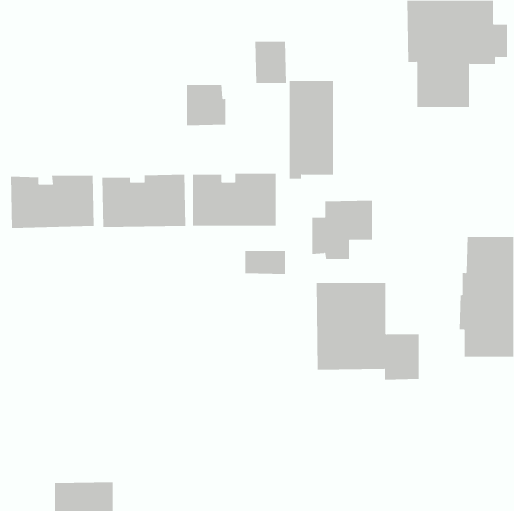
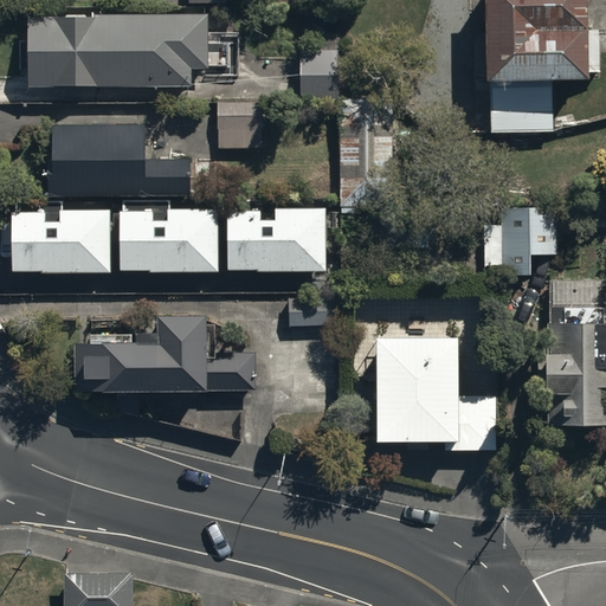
building: none -> [28,15,207,89]
building: none -> [47,124,217,199]
building: [312,200,373,259] -> [483,205,555,275]
building: none -> [76,314,254,392]

